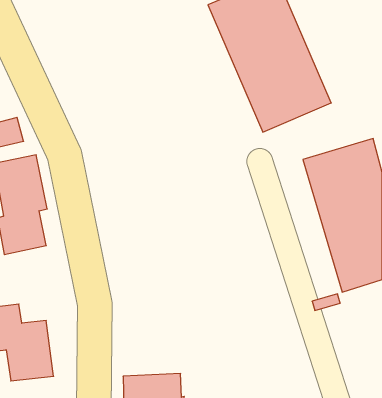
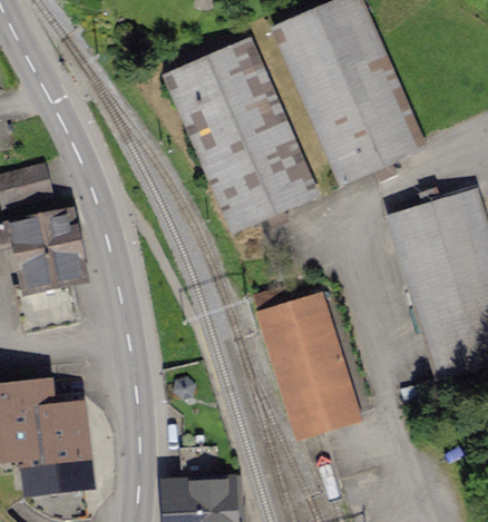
building: none -> [166,37,316,228]
building: none -> [260,286,354,430]

